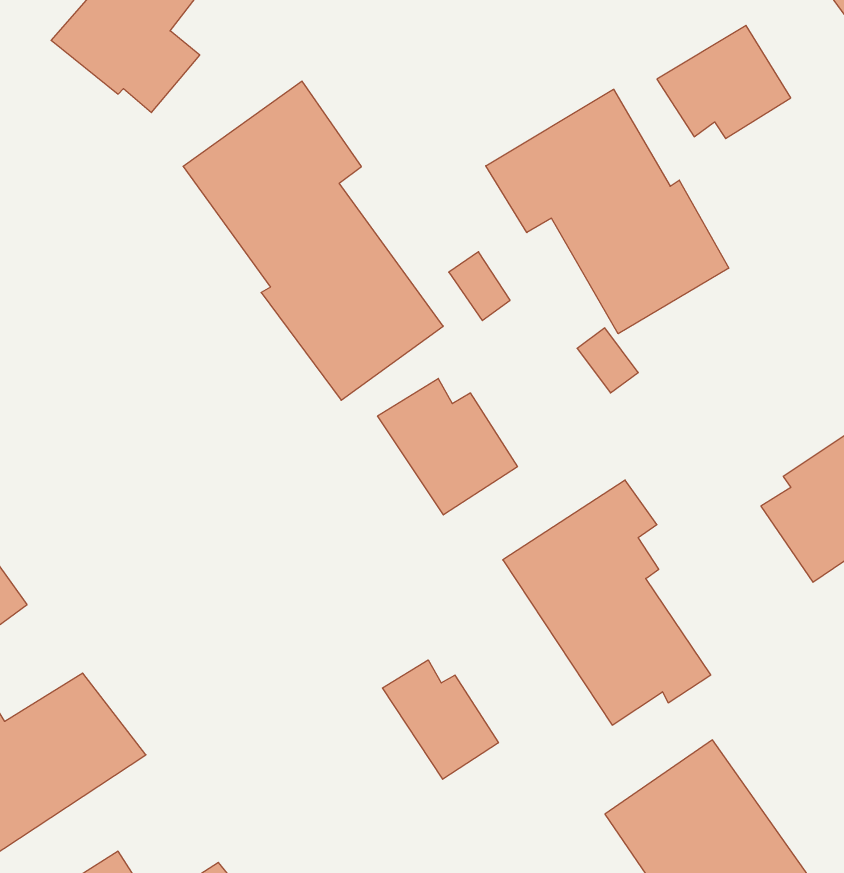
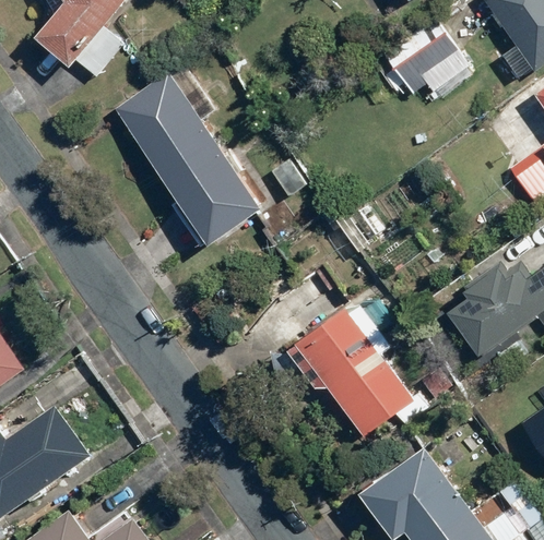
building: [486,89,729,334] -> none
building: [378,378,517,515] -> none
building: [382,660,498,779] -> none

